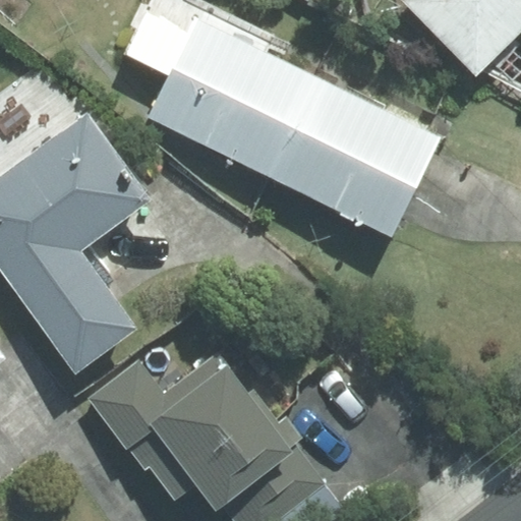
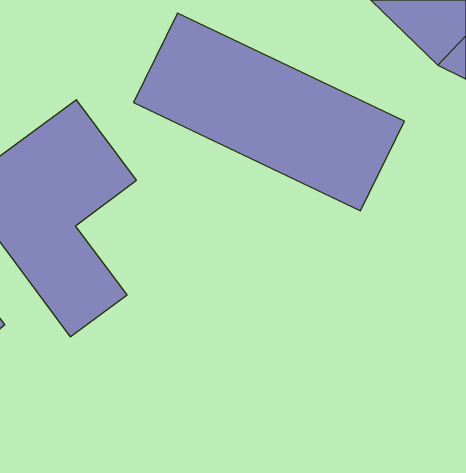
building: [82,351,298,507] -> none

